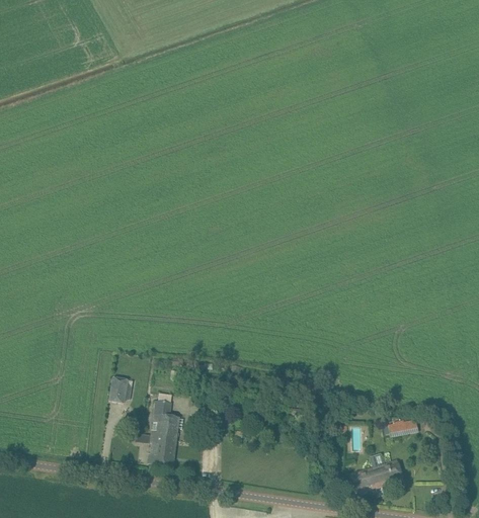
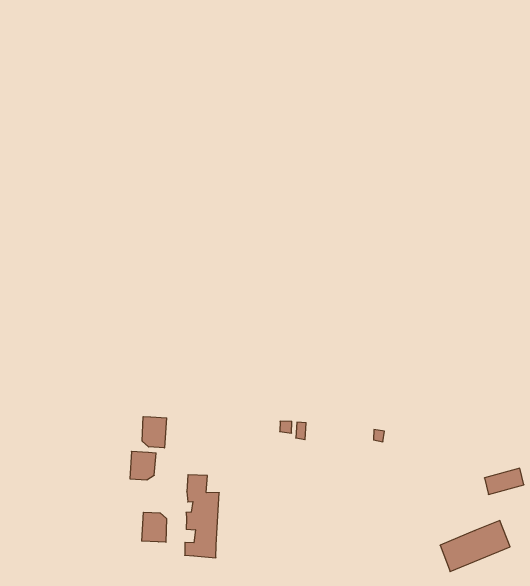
building: none -> [142,417,167,448]
building: none -> [142,512,167,542]

